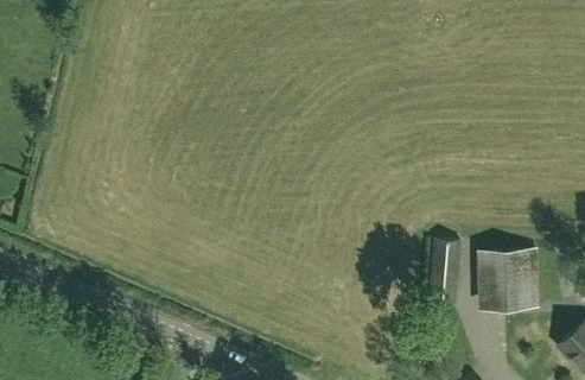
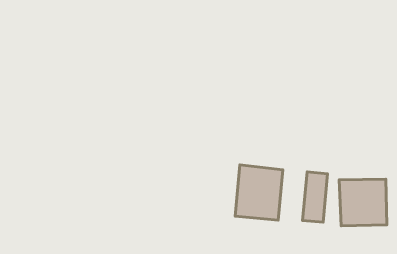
building: none -> [235,165,283,220]

